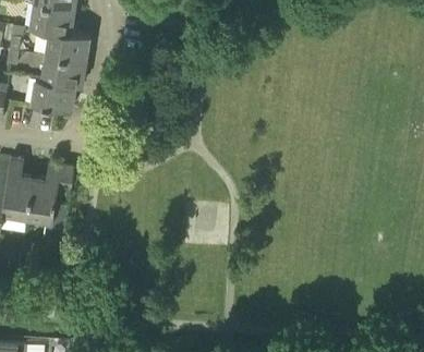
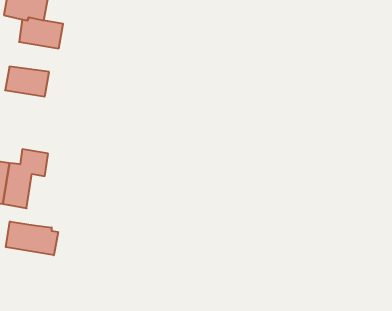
building: [35,53,85,85] -> none
building: none -> [6,221,58,255]

